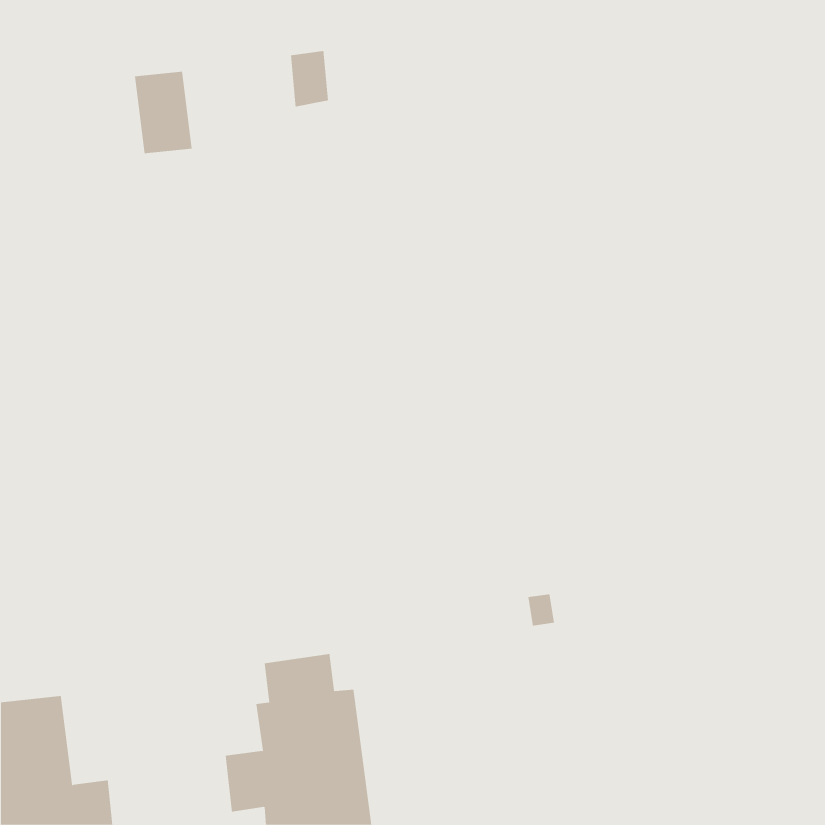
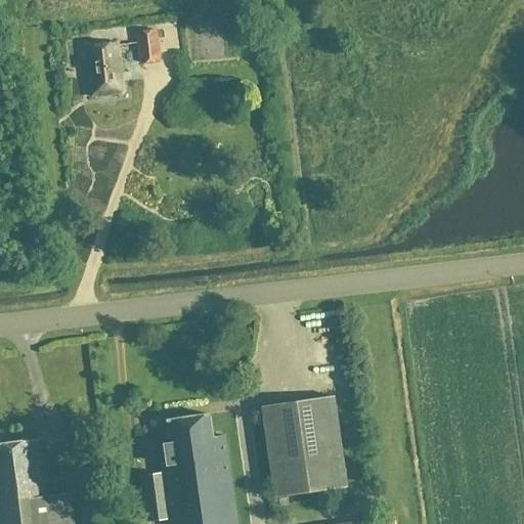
building: [290,50,329,107] -> [136,29,161,64]
building: none -> [262,396,343,498]

